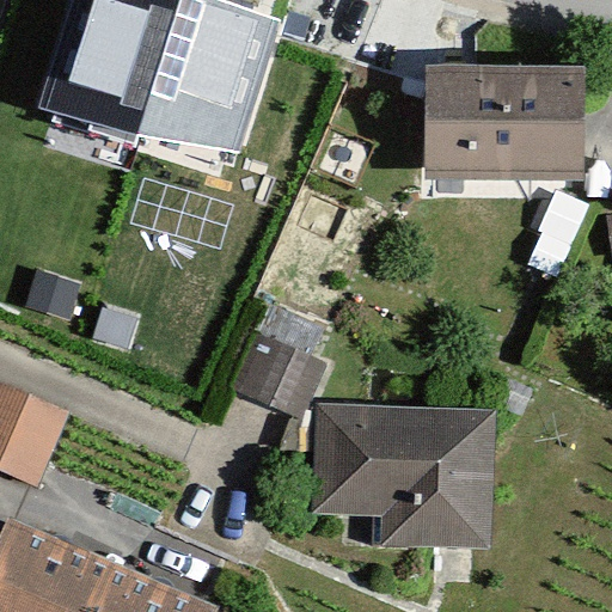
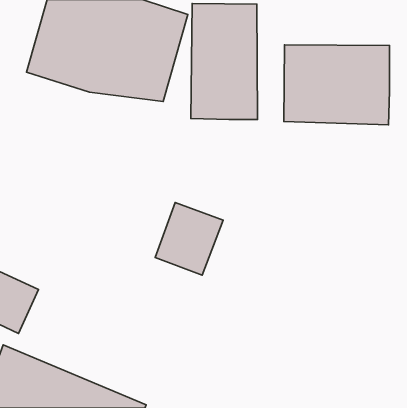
building: none -> [191,3,257,120]
building: [312,404,496,546] -> none

